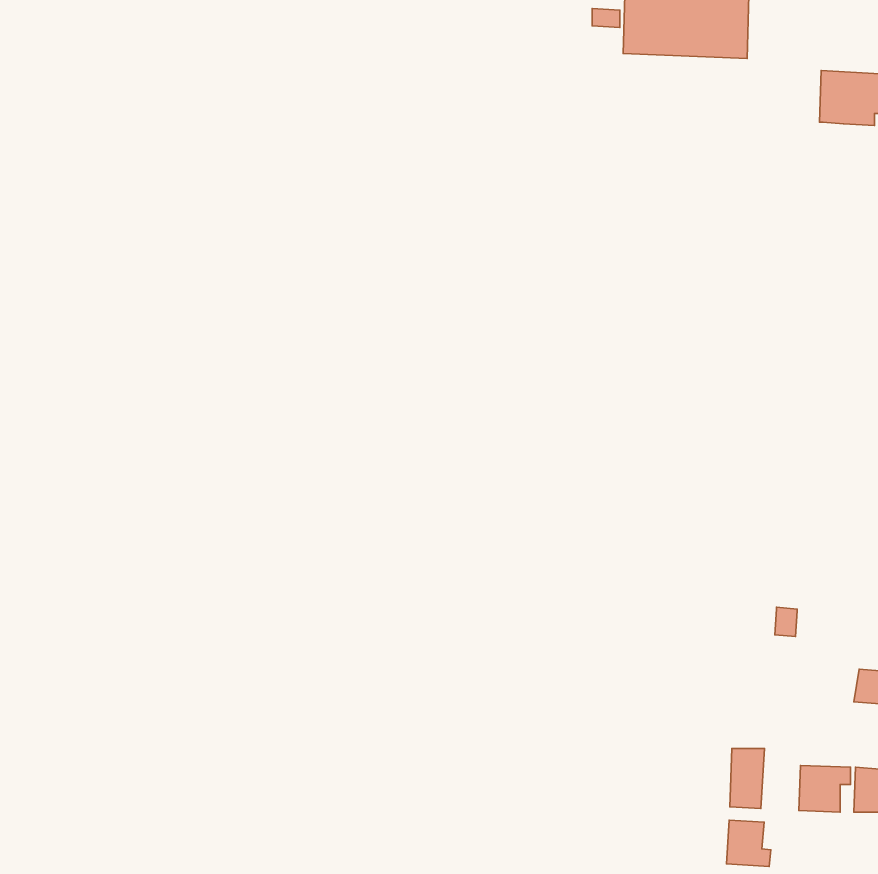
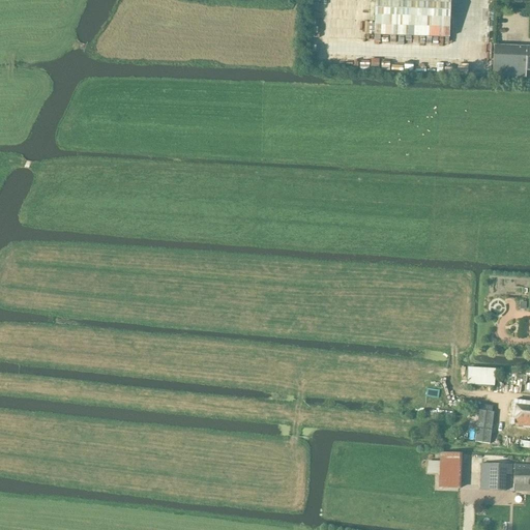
building: none -> [476,408,495,441]
building: [727,820,771,866] -> none

